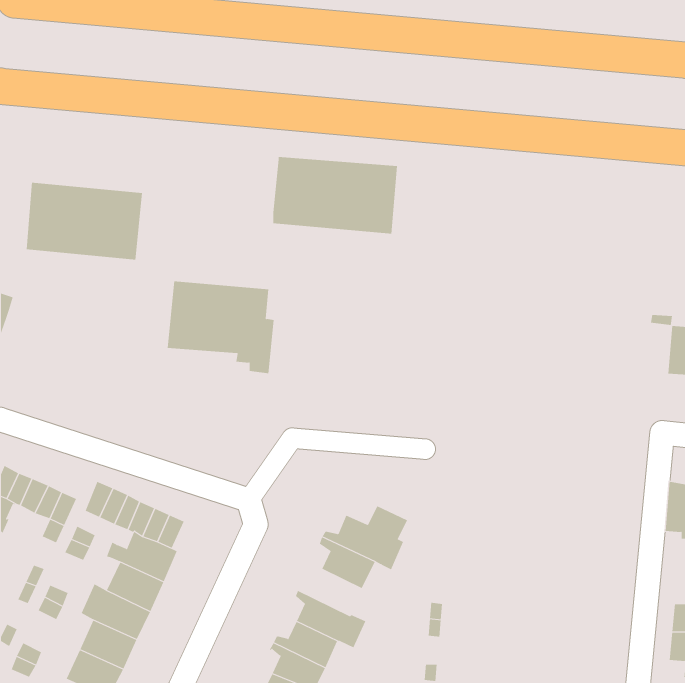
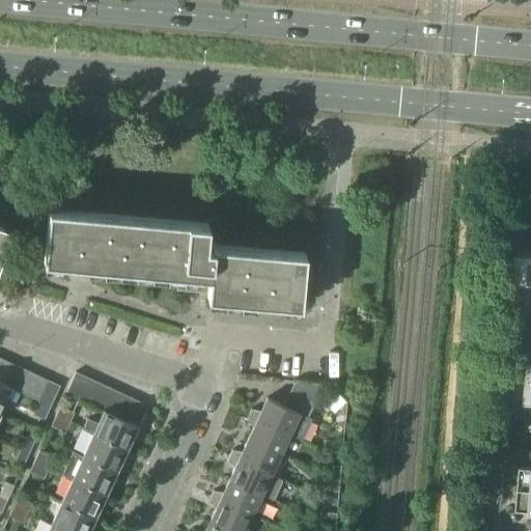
building: [273,156,398,234] -> [209,248,306,308]
building: [26,182,143,260] -> [46,212,136,272]
building: none -> [231,442,281,478]

